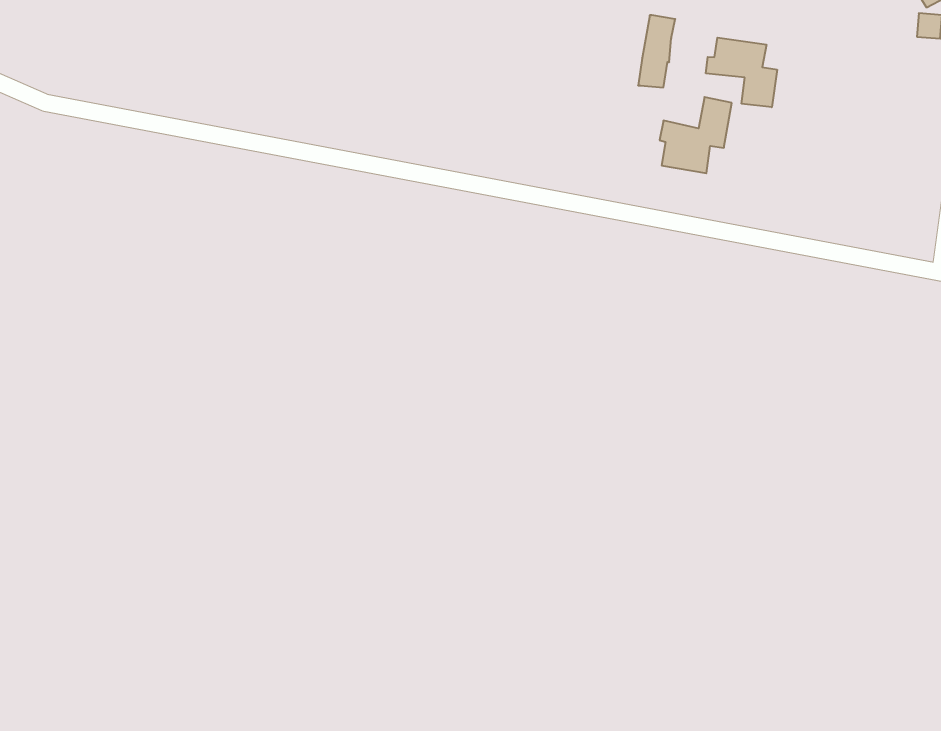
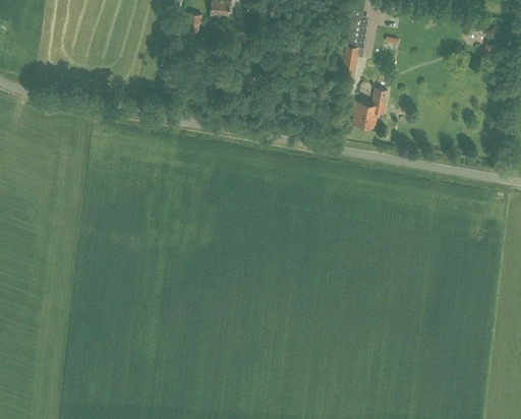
building: [706,38,777,107] -> none

